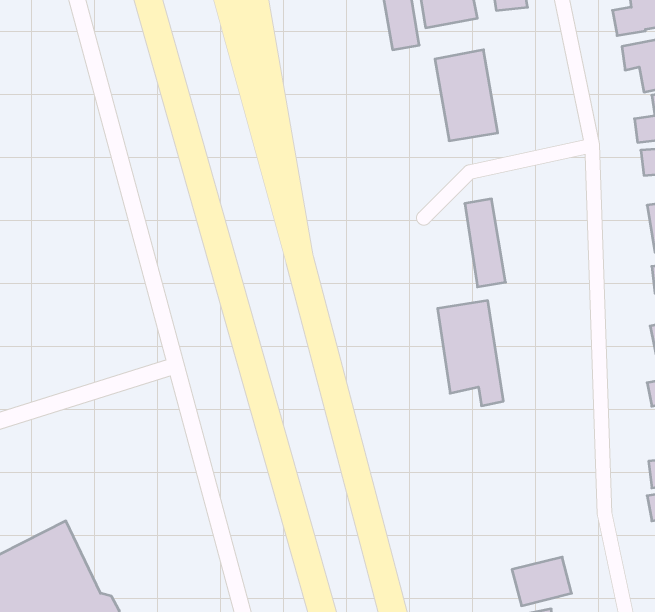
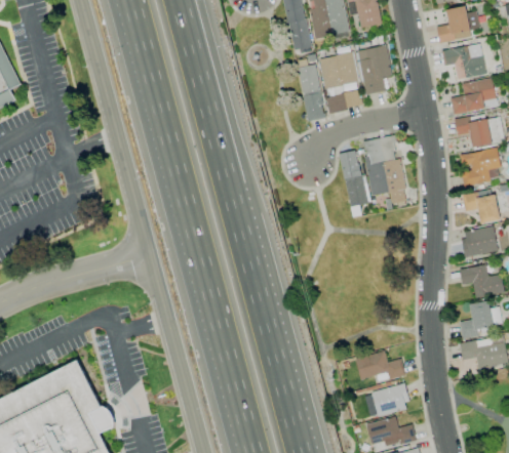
building: none -> [357,45,392,94]
building: none -> [298,65,324,121]
building: [438,301,503,406] -> [362,135,405,204]
building: none -> [355,351,404,382]

